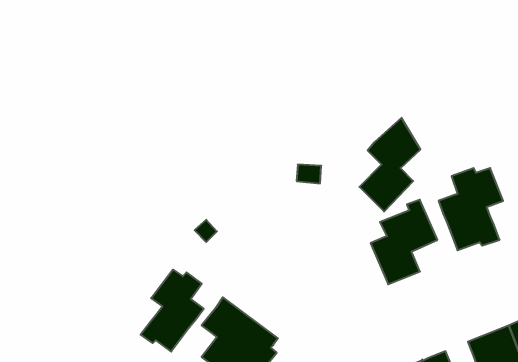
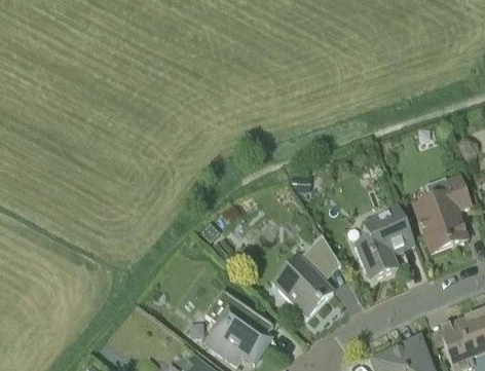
building: [359,118,420,212] -> [286,234,339,317]
building: [141,270,204,352] -> none

